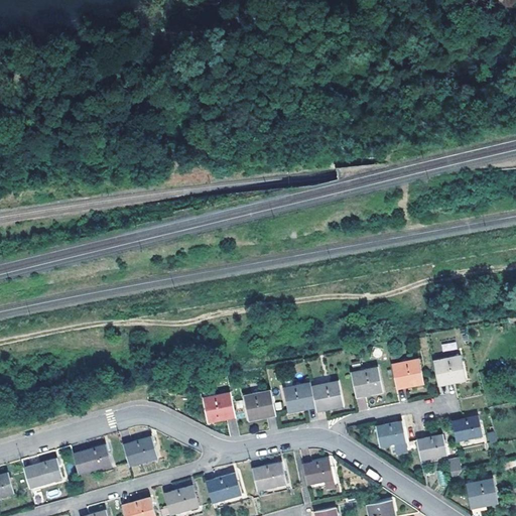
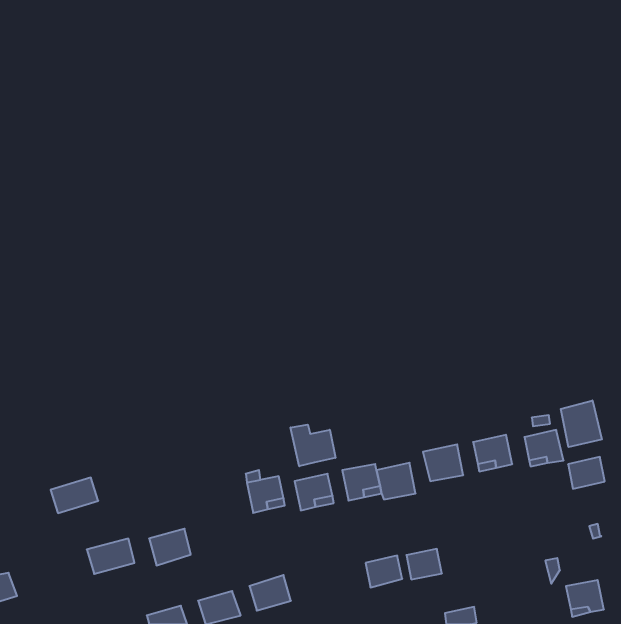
building: none -> [561,400,602,447]
building: none -> [291,425,335,466]
building: [452,416,482,442] -> [568,457,605,489]
building: [376,422,405,447] -> [406,549,442,579]
building: [415,435,445,462] -> none
building: [23,459,62,488] -> [51,478,98,513]
building: [252,464,286,492] -> none

